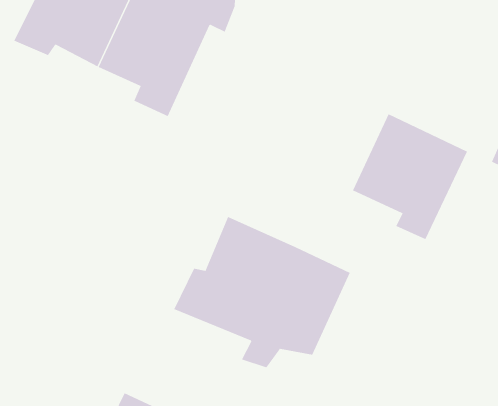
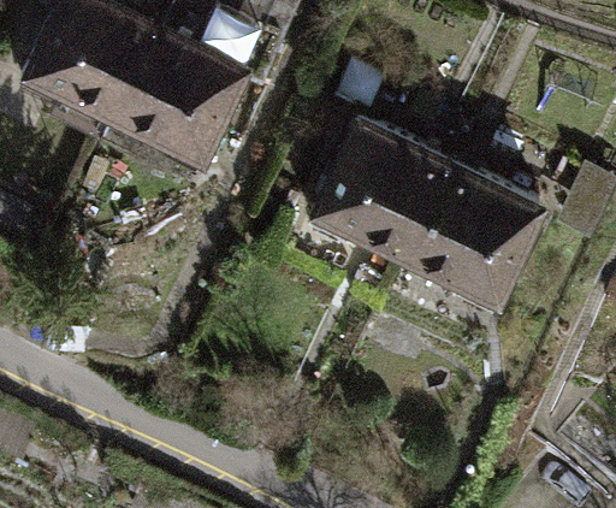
building: none -> [306,126,448,259]
building: [174,216,350,368] -> none

